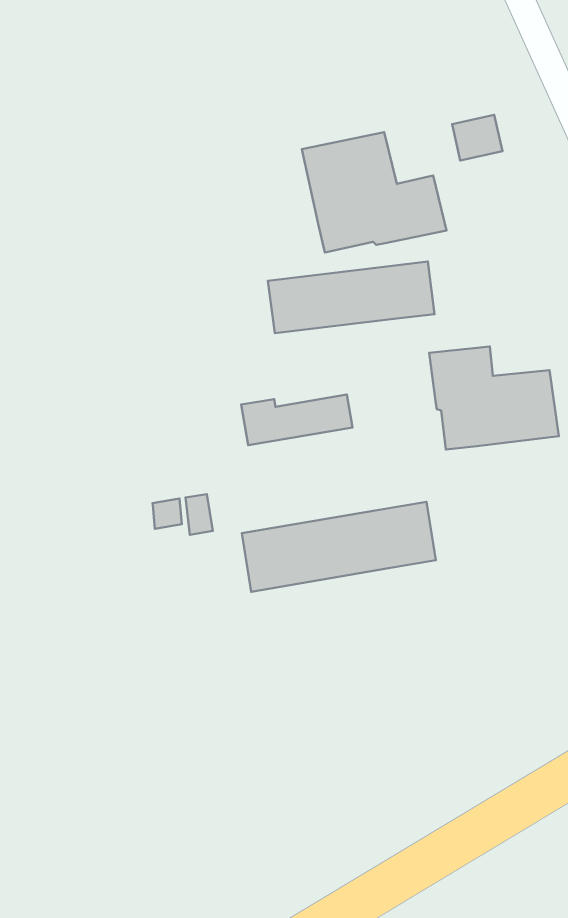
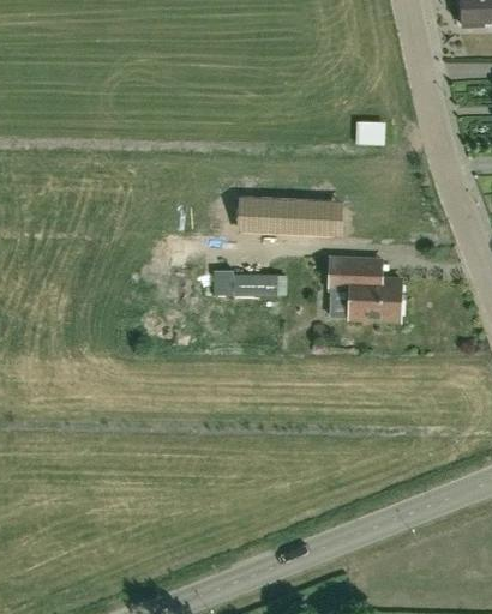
building: [302,132,446,252] -> none
building: [242,502,436,592] -> none

